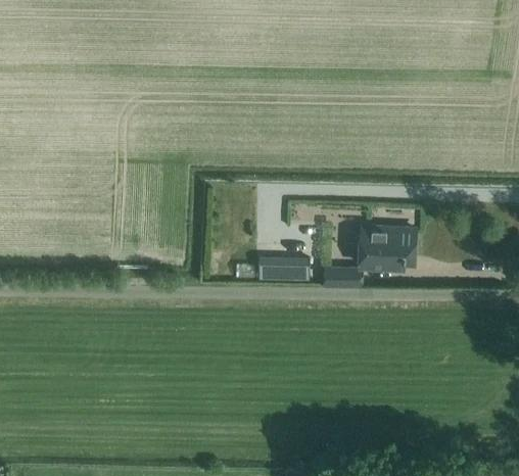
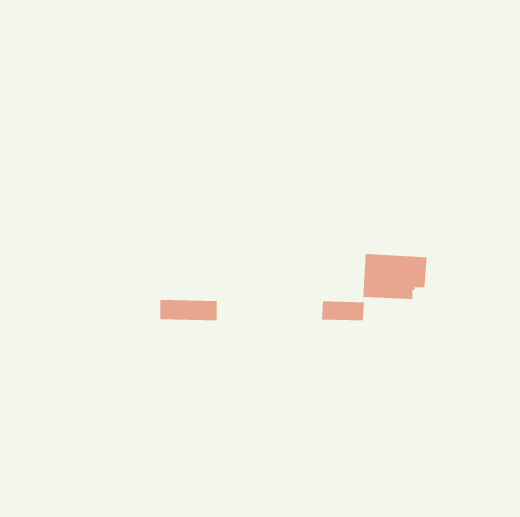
building: [260,264,310,282] -> [160,300,218,321]

